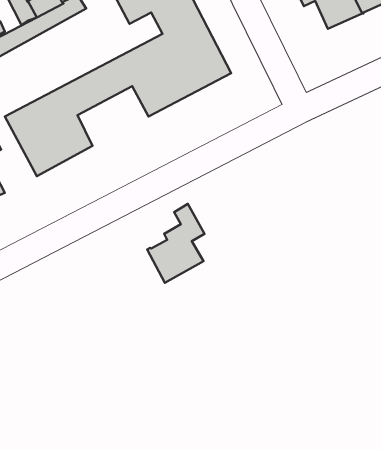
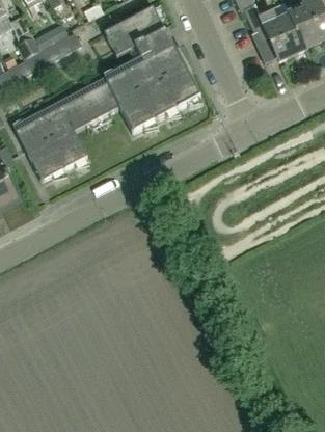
building: [147,204,205,283] -> none

